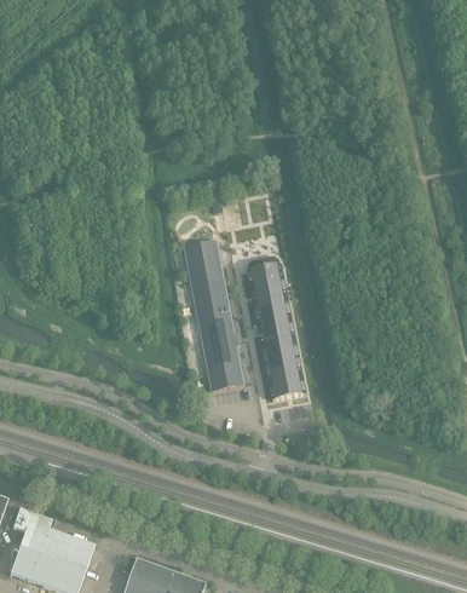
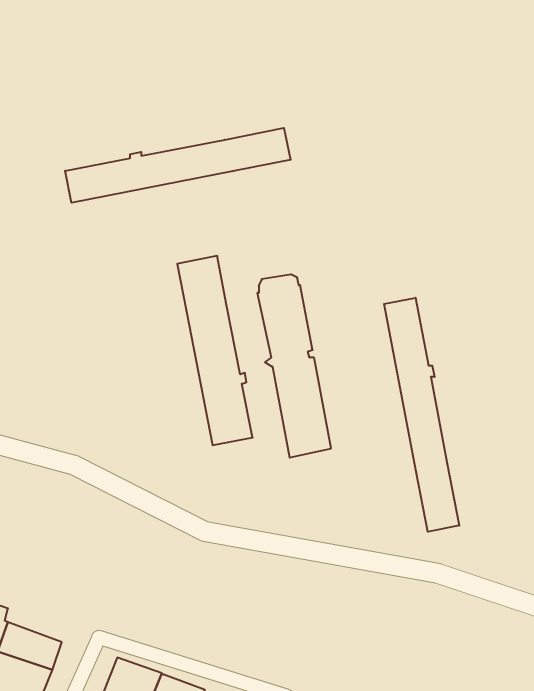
building: none -> [65,128,290,203]
building: none -> [384,298,459,532]

